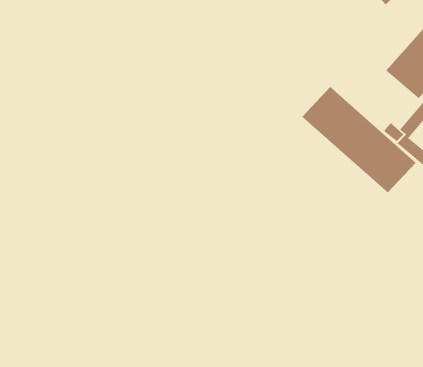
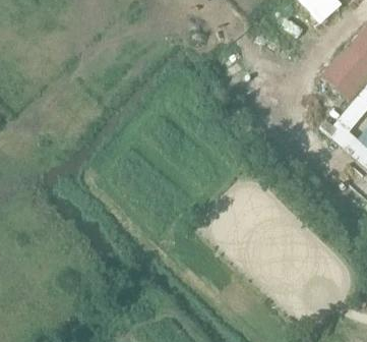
building: [302,86,416,193] -> none

